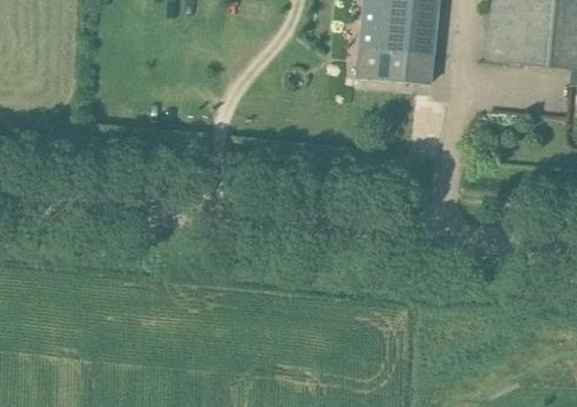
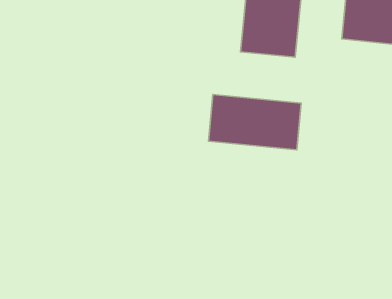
building: none -> [208,95,301,150]

